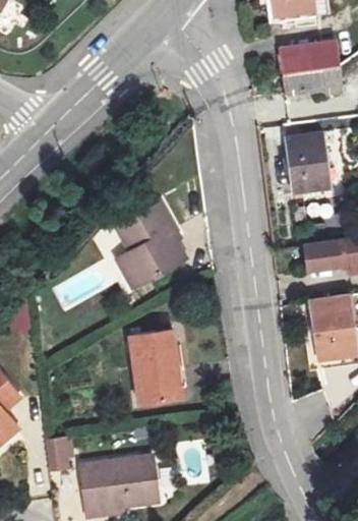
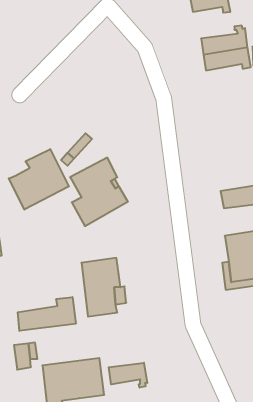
building: [285,132,330,191] -> none
building: none -> [9,149,69,210]
building: none -> [18,297,76,331]
building: none -> [109,363,147,388]

